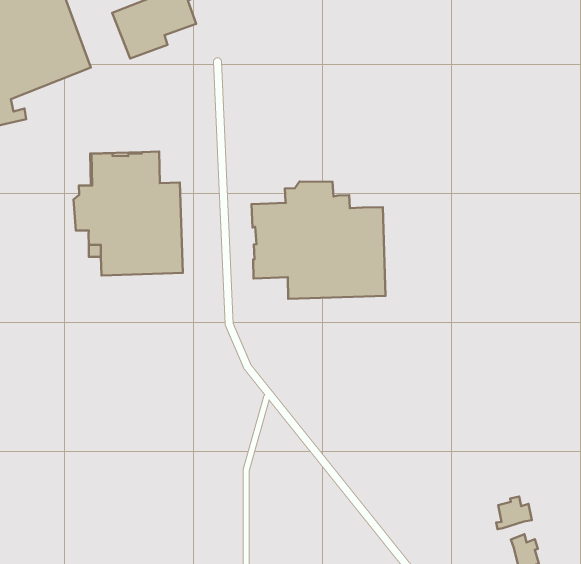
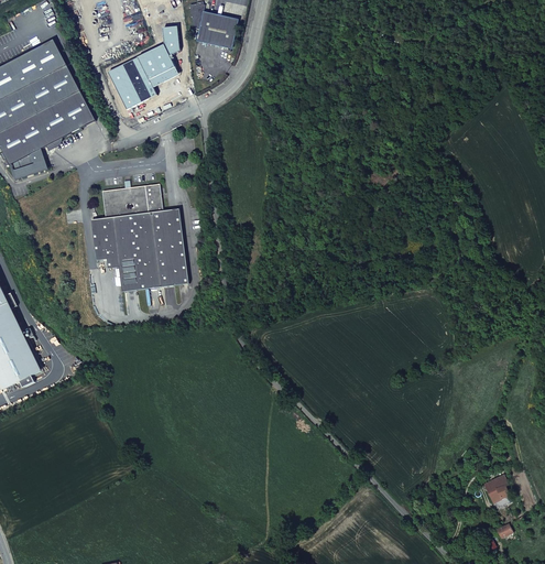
building: [252,182,386,299] -> none
building: [496,496,532,529] -> none

